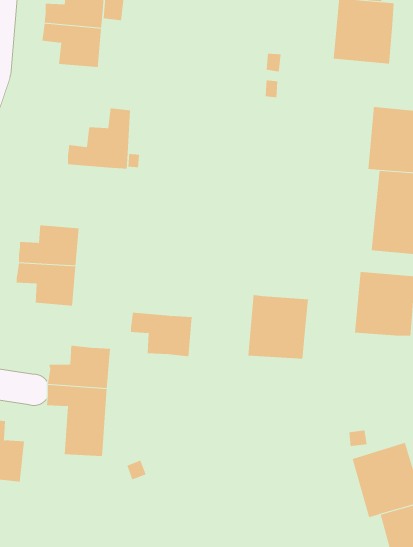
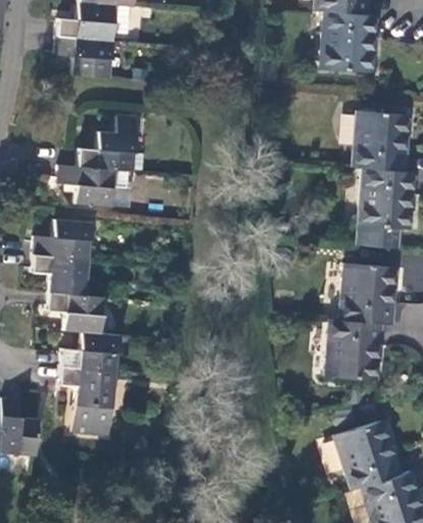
building: none -> [56,163,113,202]
building: [247,295,309,359] -> [325,318,381,377]
building: [130,312,193,357] -> [45,291,102,332]

